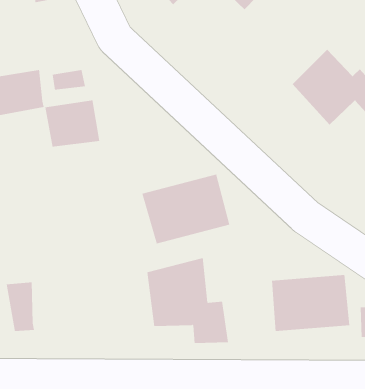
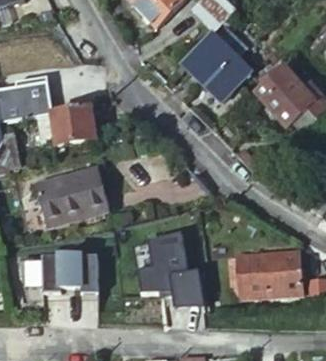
building: none -> [184,34,253,104]
building: [142,174,230,244] -> [36,167,109,225]
building: none -> [41,251,97,290]

